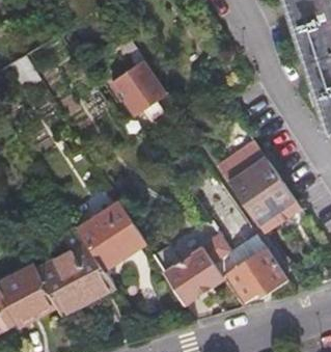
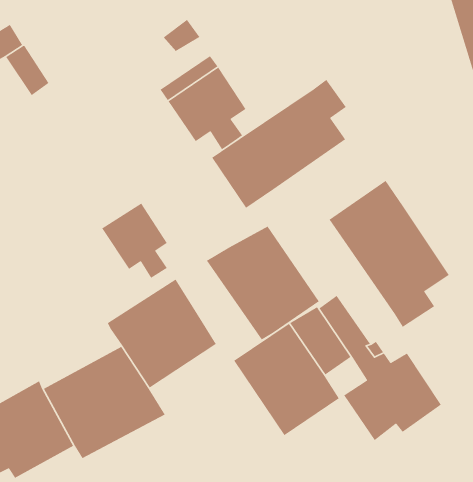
building: none -> [211,79,347,209]
building: none -> [101,202,168,279]
building: none -> [206,226,320,340]

